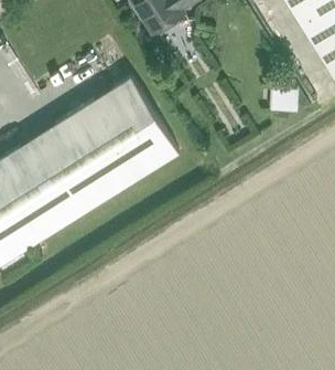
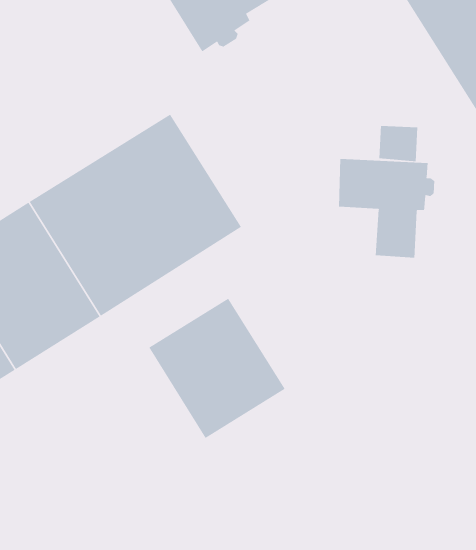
building: none -> [338,158,435,258]
building: none -> [148,298,285,439]

